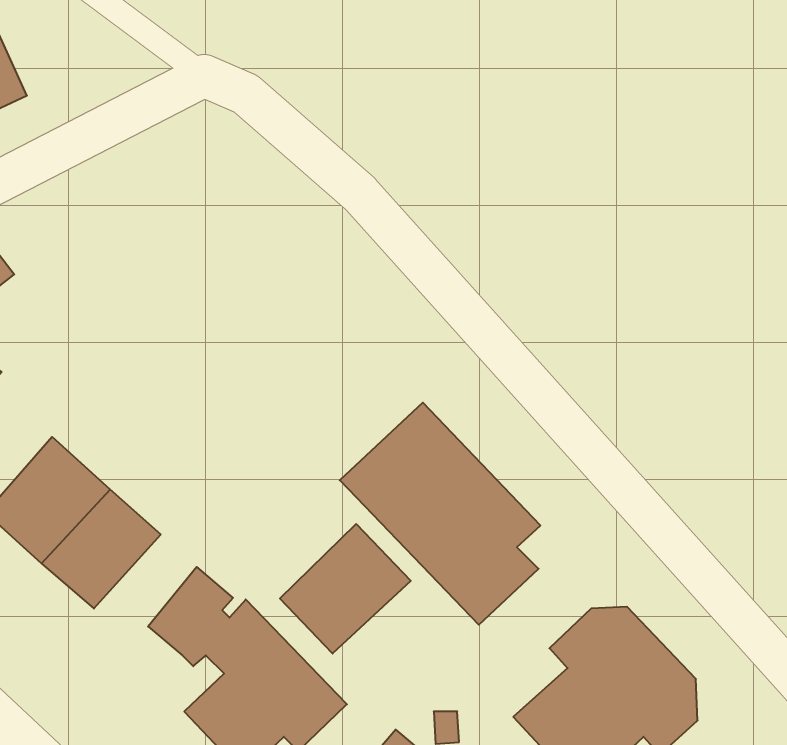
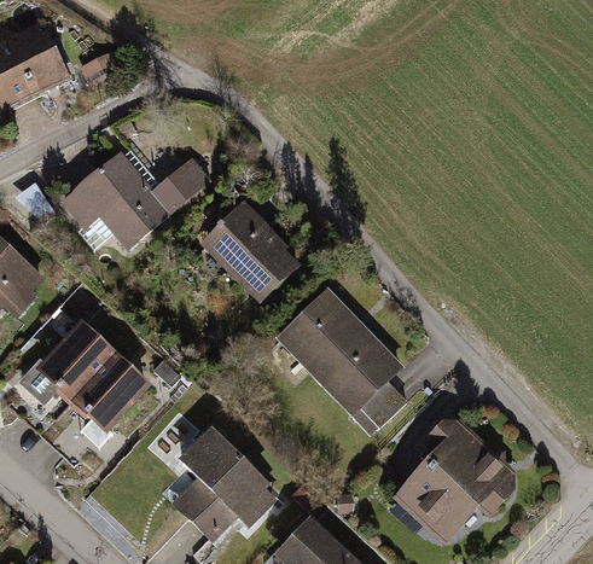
building: none -> [59,146,213,249]
building: none -> [200,207,306,313]
building: [280,524,411,654] -> none

